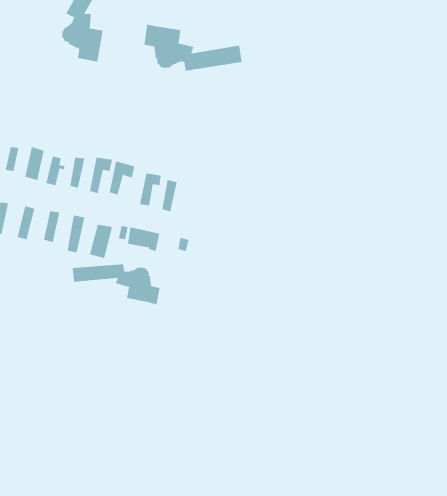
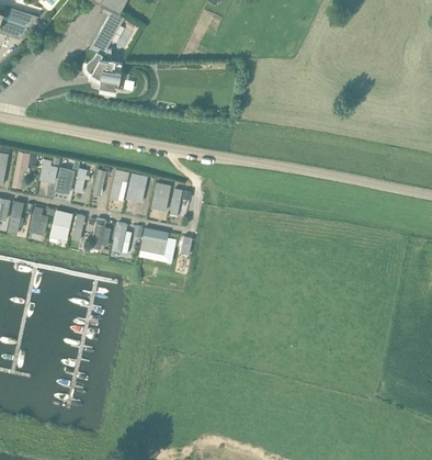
building: [144,24,242,71] -> none
building: [72,263,160,305] -> none

